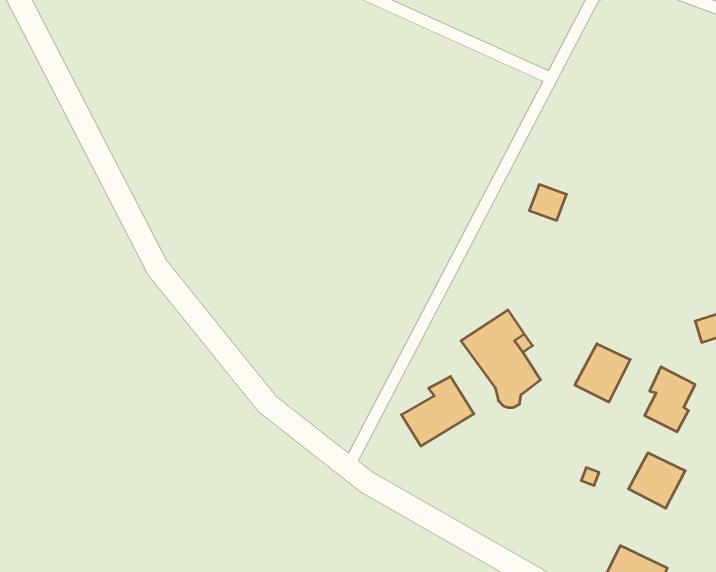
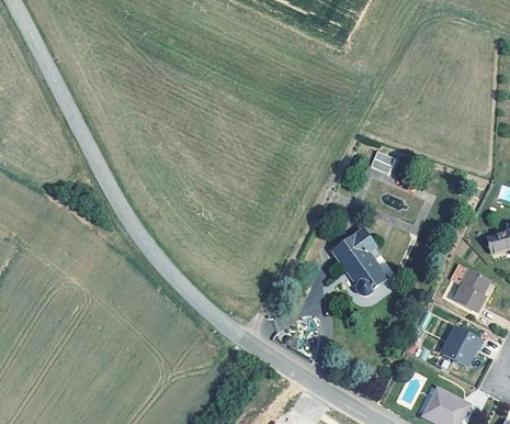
building: [575,344,630,402] -> none
building: [401,376,474,446] -> none

